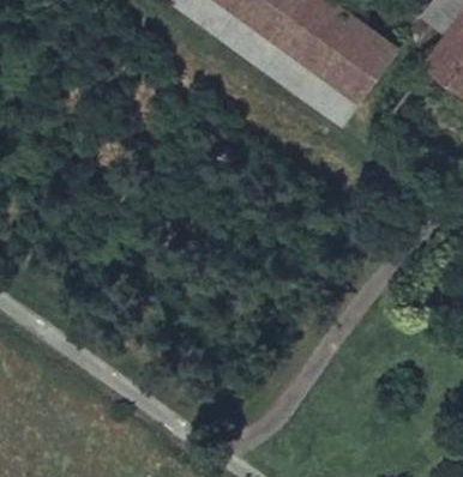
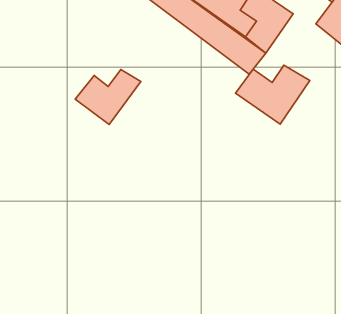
building: none -> [235,65,310,124]
building: none -> [75,69,141,125]

